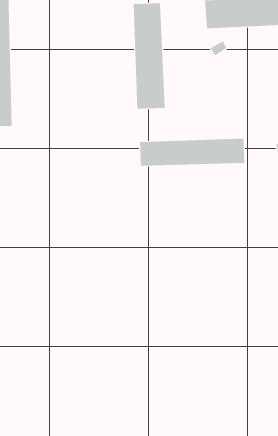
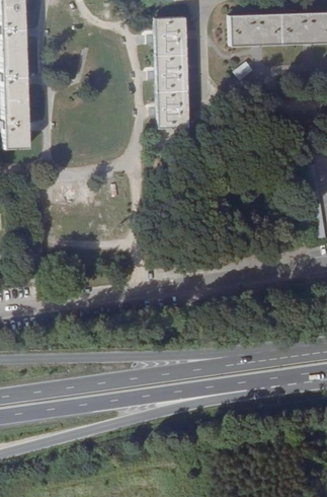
building: [139,138,245,167] -> none

